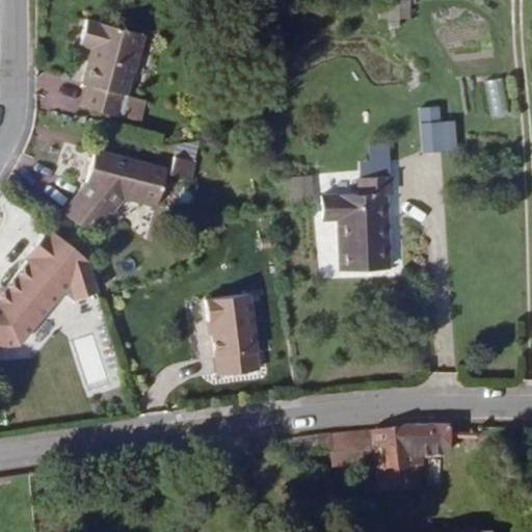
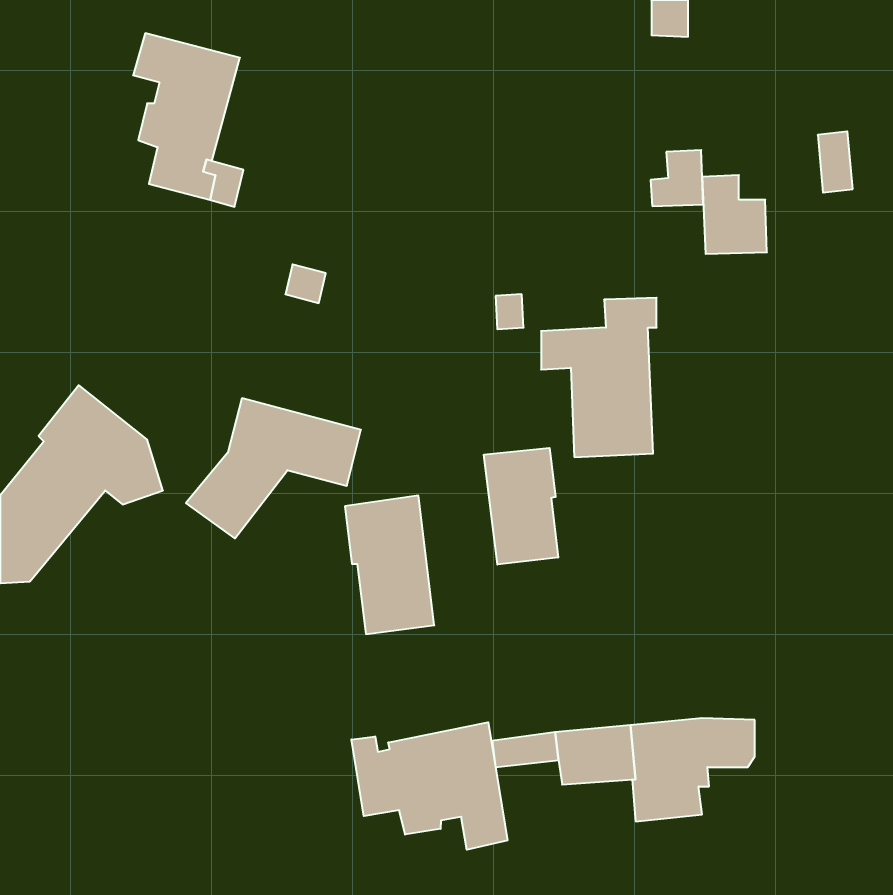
building: [360,144,391,178] -> [651,150,703,206]
building: [62,151,166,234] -> [186,398,361,538]
building: none -> [484,448,558,565]
building: none -> [351,722,507,850]

